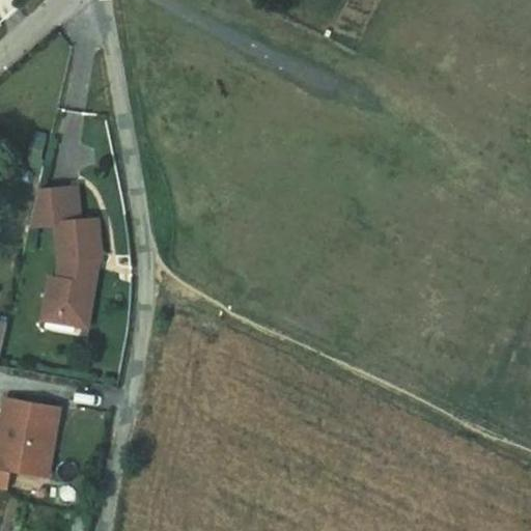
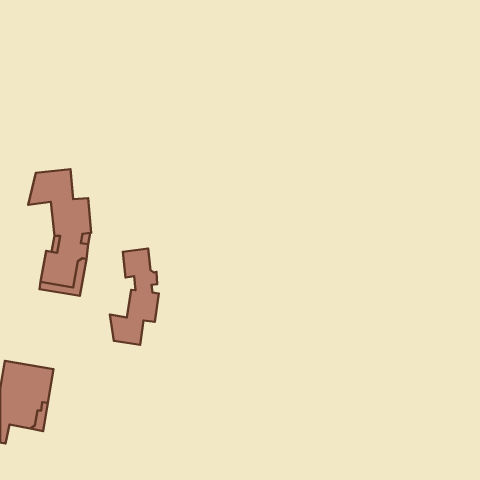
building: none -> [110,248,159,345]

